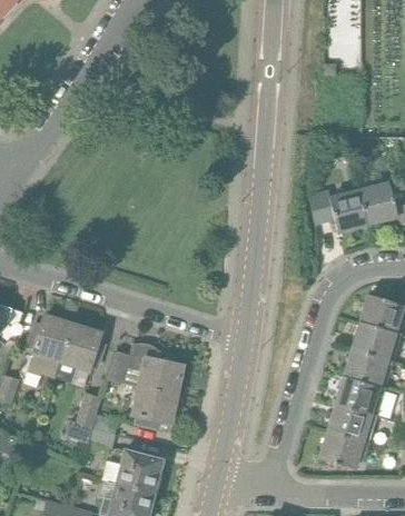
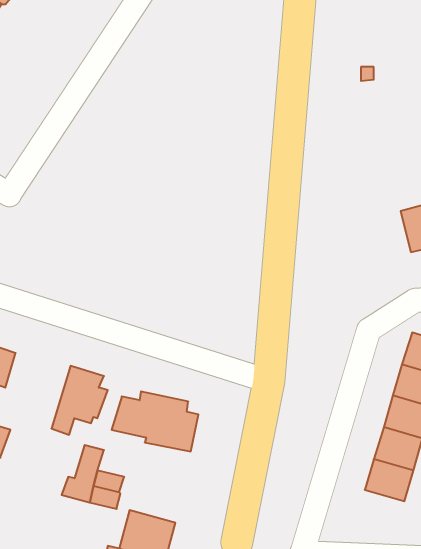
building: [308,188,368,231] -> none
building: [27,314,72,377] -> none
building: [131,389,177,426] -> none
building: [320,430,363,468] -> none

